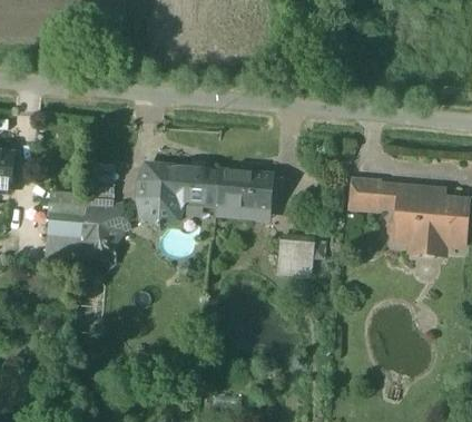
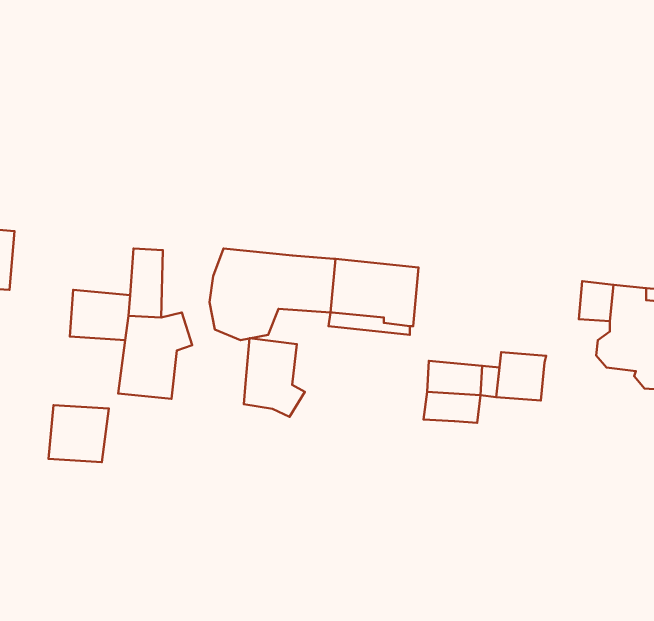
building: [347,177,380,208] -> [496,352,546,401]
building: [45,219,83,256] -> [48,405,109,462]
building: none -> [244,338,305,417]

